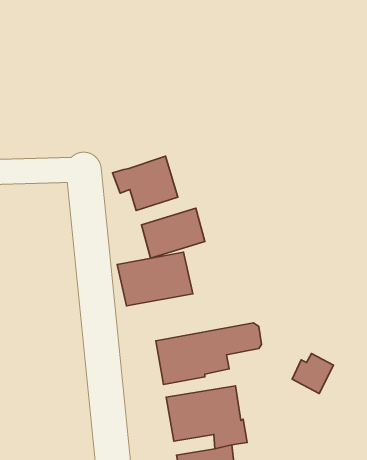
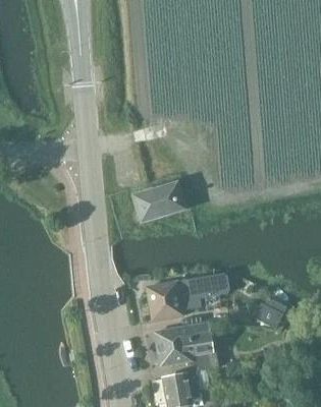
building: [113,156,178,210] -> none
building: [117,252,193,306] -> none

